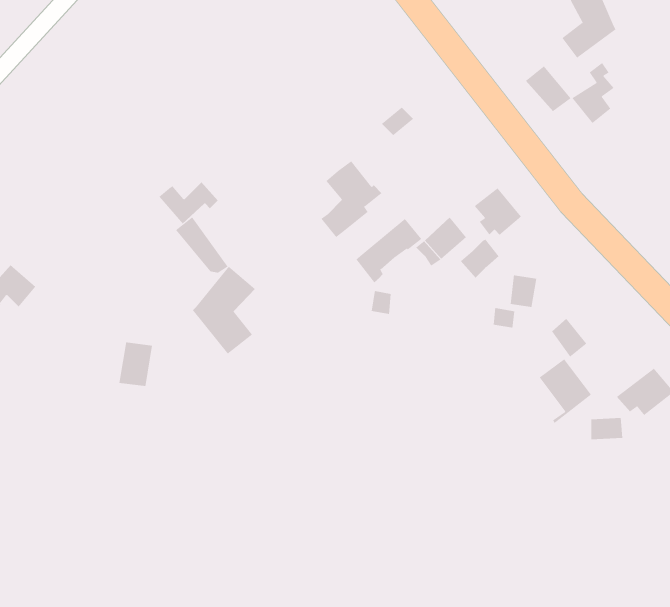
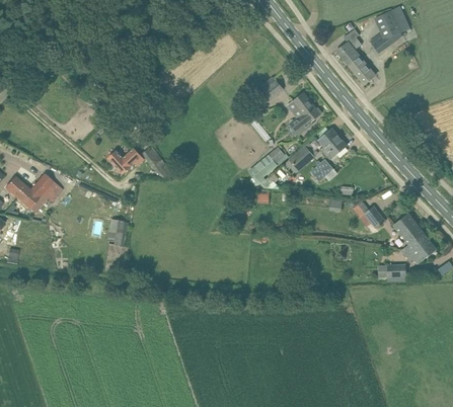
building: [572,62,615,124] -> [336,28,362,65]
building: [321,160,382,238] -> [286,92,322,138]
building: [158,182,219,224] -> [108,148,144,173]
building: [192,266,256,355] -> none
building: [539,358,592,424] -> [393,213,425,251]

